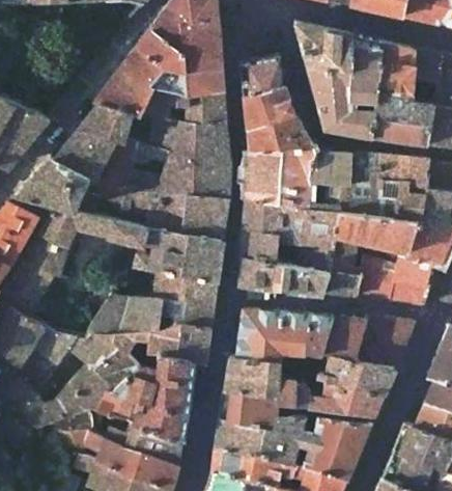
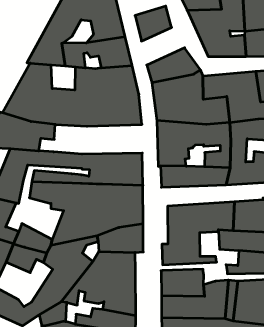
building: [243,84,295,127] -> none
building: [113,184,227,237] -> none
building: [225,381,307,405] -> none

